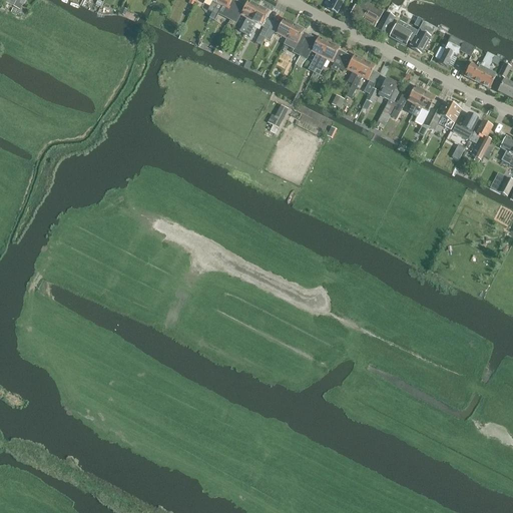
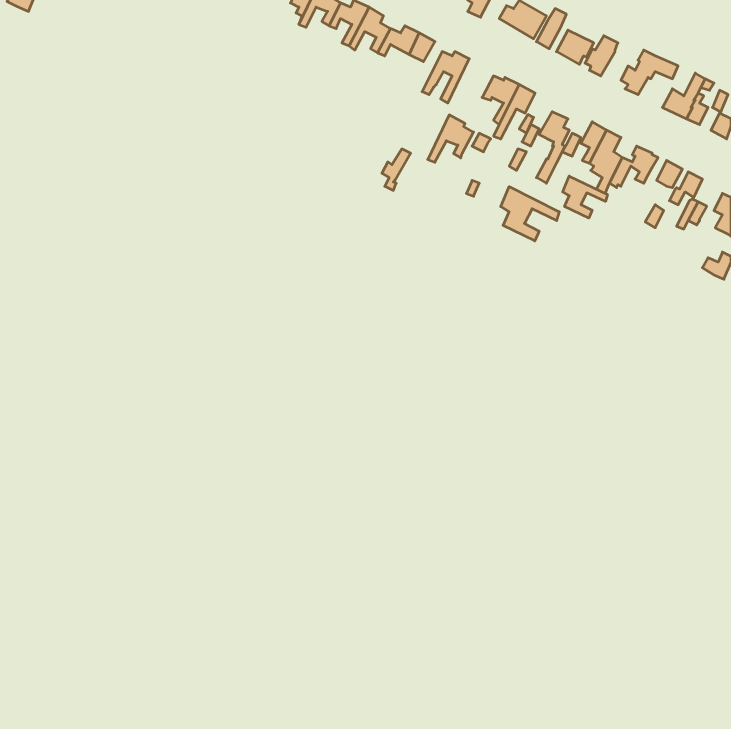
building: [314,41,346,74] -> [428,115,474,162]
building: none -> [563,176,607,218]
building: none -> [501,187,559,241]

